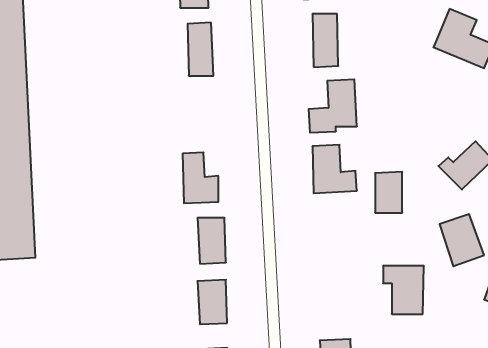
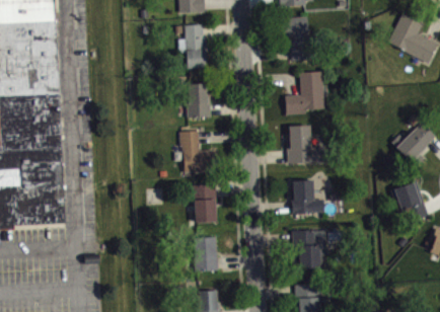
building: none -> [187,84,210,119]
building: [375,172,402,213] -> [292,181,314,215]
building: [383,266,424,314] -> [292,231,325,270]

